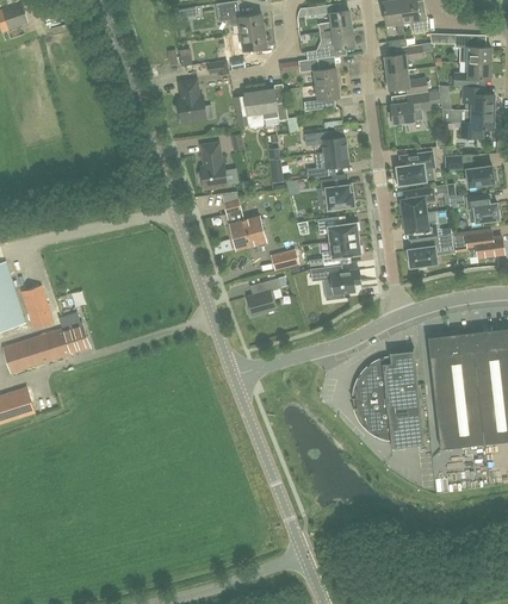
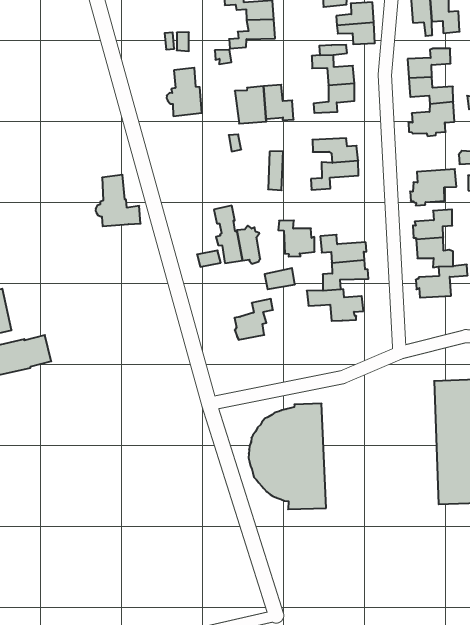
building: [198,142,238,188] -> [96,175,141,226]
building: [321,179,354,211] -> [278,220,315,257]
building: [353,351,425,447] -> [249,404,326,509]

